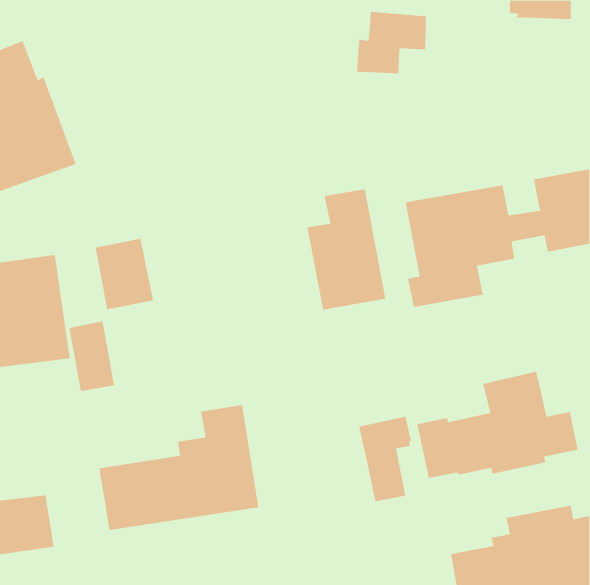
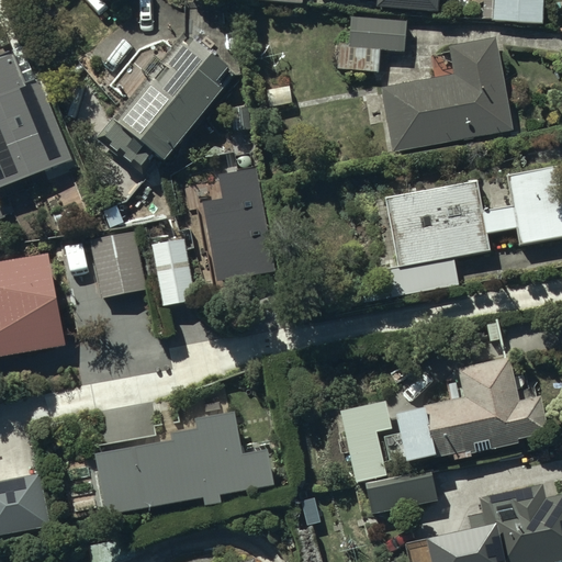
building: none -> [99,32,232,170]
building: none -> [382,37,512,150]
building: [306,189,386,310] -> [199,167,274,282]
building: [68,321,115,391] -> [151,237,195,304]
building: none -> [366,470,437,514]

